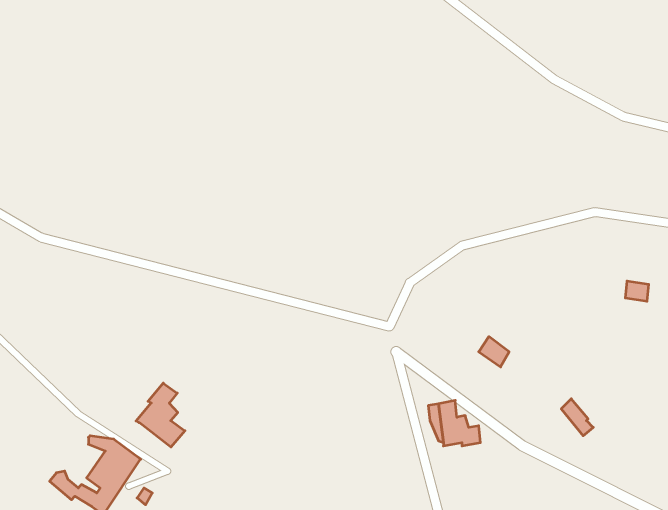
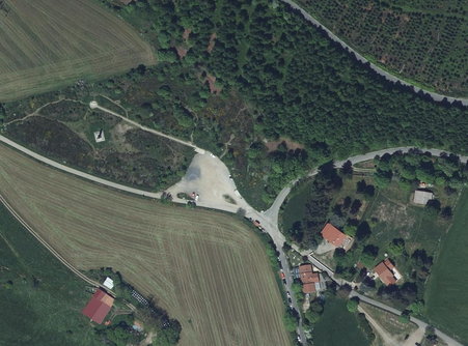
building: [136,383,185,447] -> none

